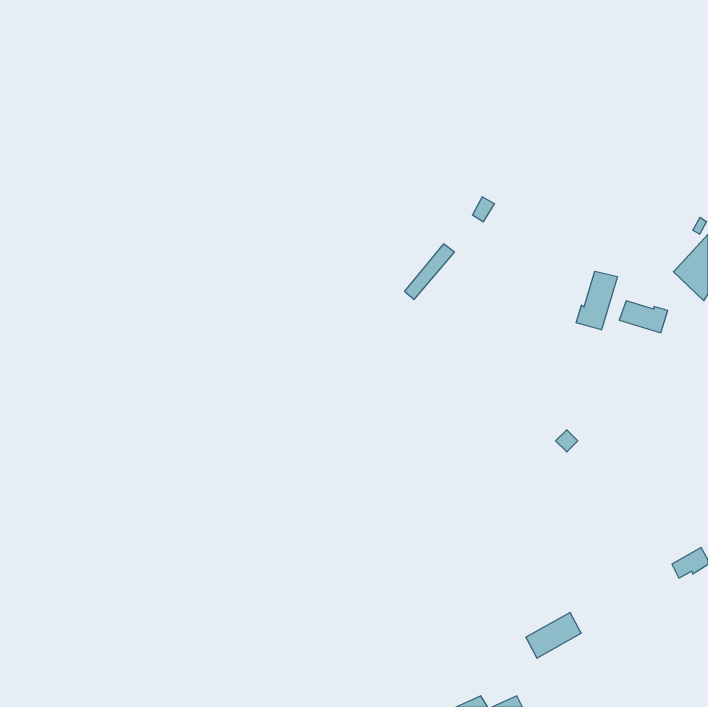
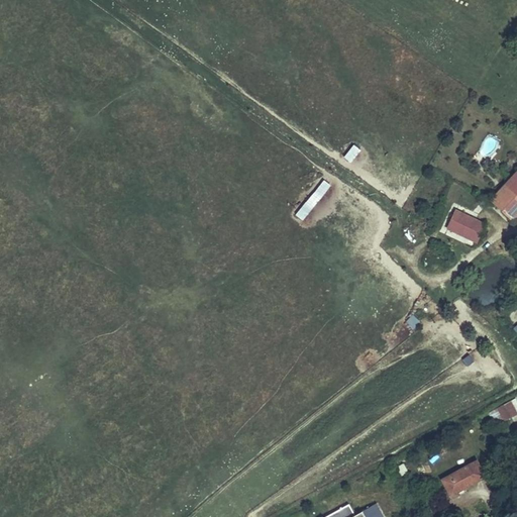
building: [576,271,617,330] -> none
building: [526,612,581,658] -> [443,463,484,497]

